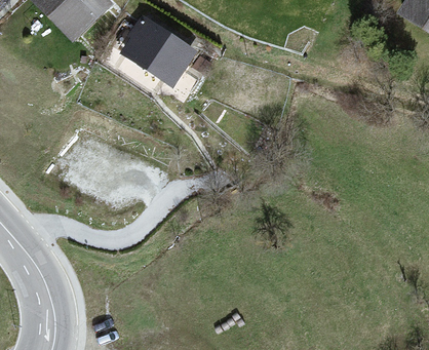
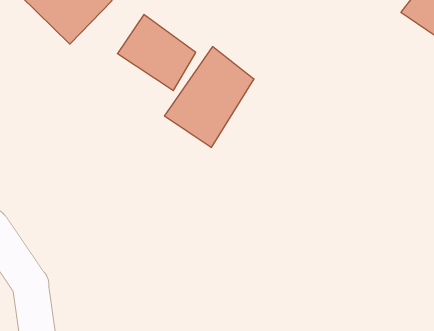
building: none -> [165,47,254,148]

